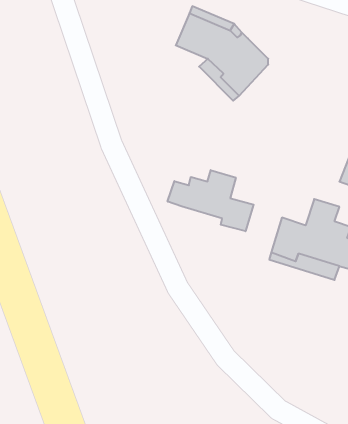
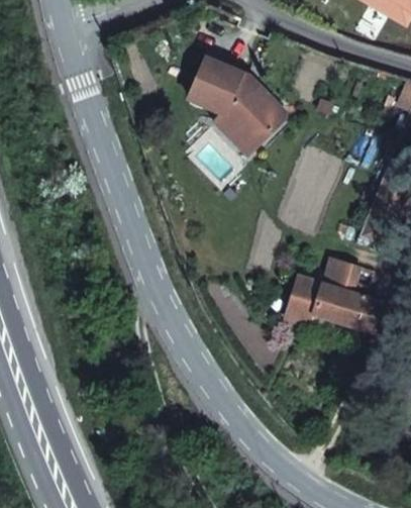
building: [168,170,254,231] -> none

